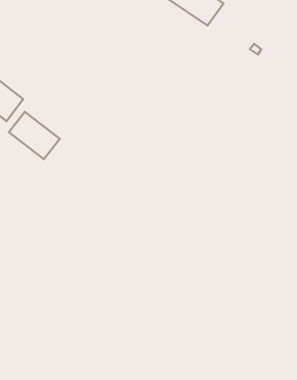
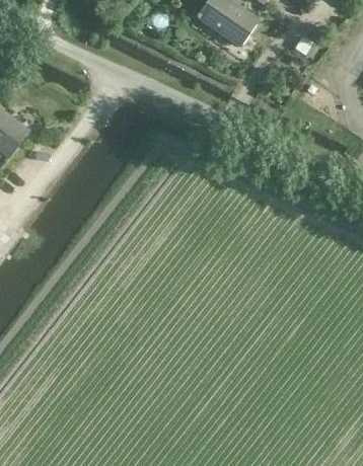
building: [9,112,60,159] -> none

